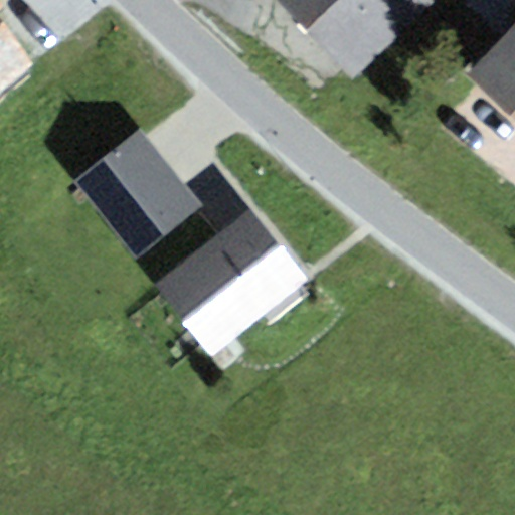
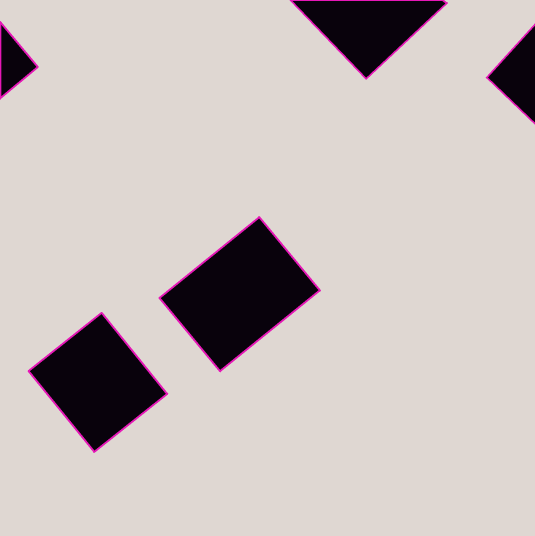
building: [74,129,203,259] -> none
building: none -> [29,313,167,452]

